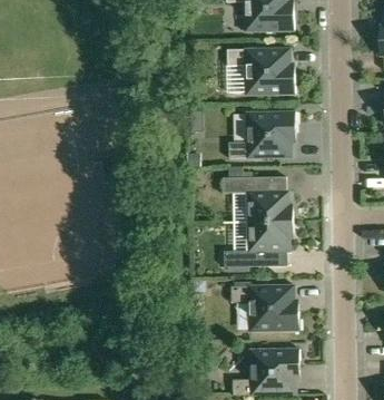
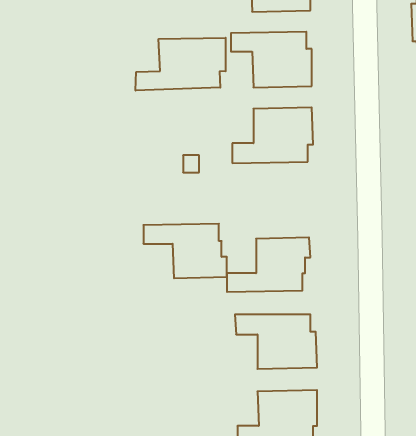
building: none -> [136,38,226,91]
building: [223,176,293,222] -> [143,224,227,278]

